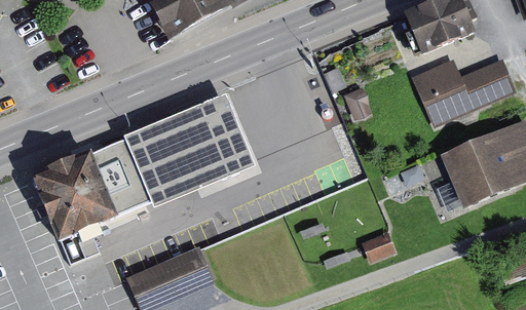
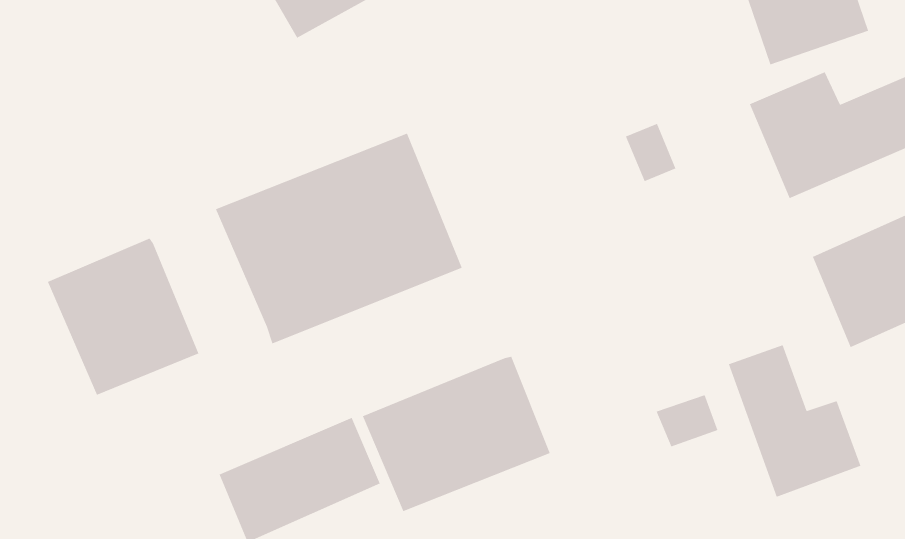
building: [90,135,151,209] -> none
building: none -> [728,344,861,498]
building: none -> [362,356,551,512]

